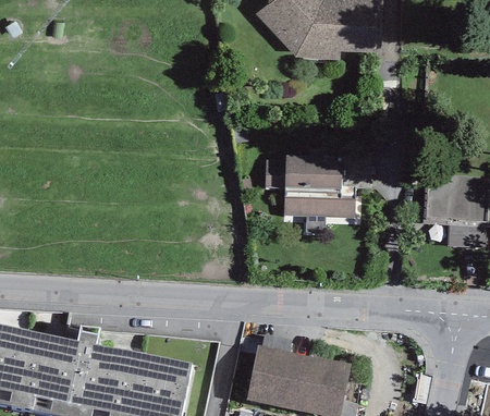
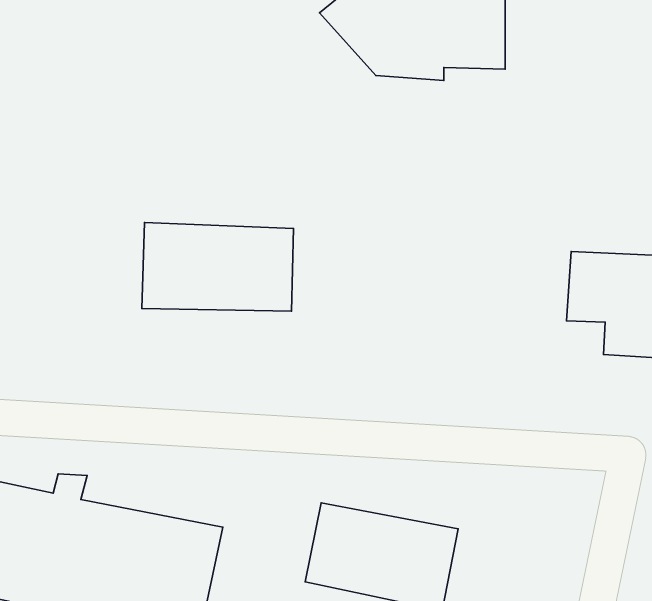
building: [265,152,371,234] -> none
building: none -> [142,223,294,311]

